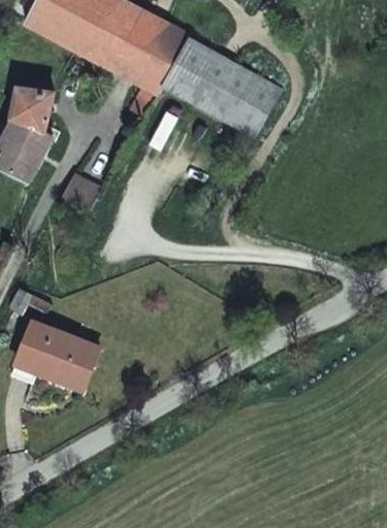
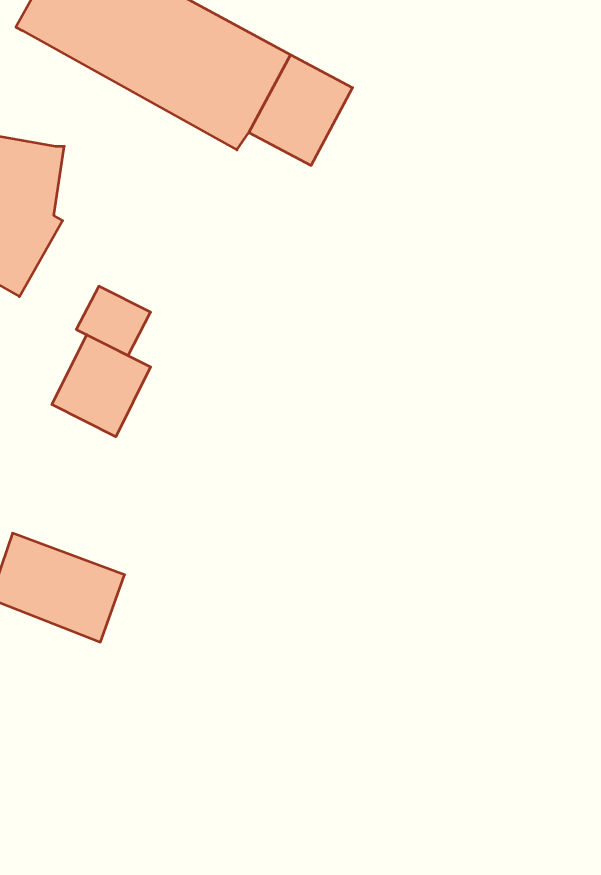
building: [201,57,283,134] -> none
building: none -> [52,335,151,437]

